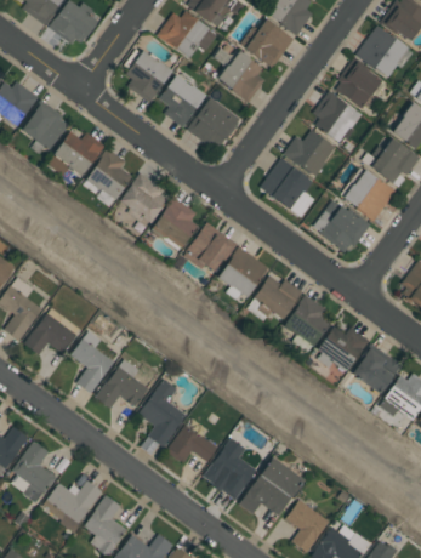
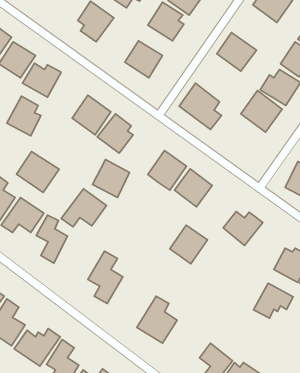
building: [334,61,380,107] -> none
building: [158,75,205,127] -> none
building: [283,130,335,176] -> none
building: [85,148,130,200] -> [7,96,41,136]
building: [319,201,368,254] -> none
building: [186,223,234,273] -> [93,160,130,197]
building: none -> [17,151,59,193]
building: [283,295,332,346] -> [170,225,208,264]
building: [351,346,399,394] -> none
building: [95,359,154,409] -> [61,189,106,227]
building: none -> [254,283,293,318]
building: [165,425,217,463] -> none
building: [239,457,303,516] -> none

